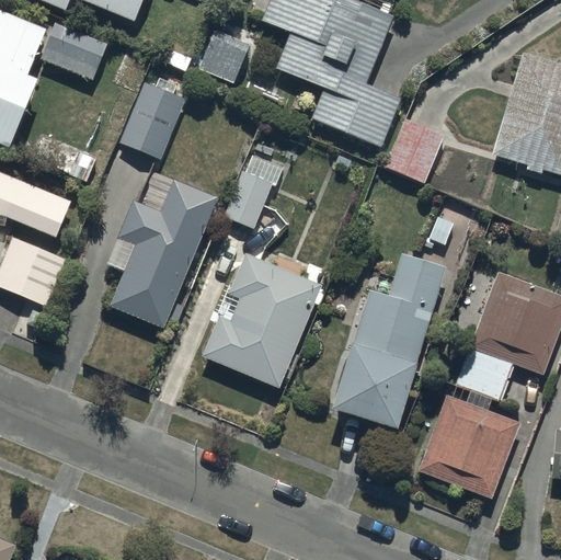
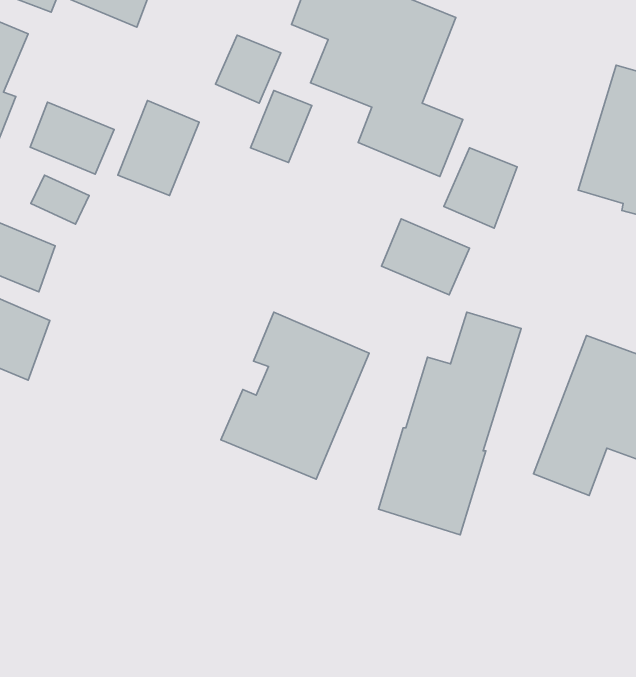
building: [39,23,107,81] -> [30,102,114,174]
building: [225,171,274,229] -> [251,91,312,163]
building: none -> [382,219,470,295]
building: [107,180,216,328] -> none
building: [417,395,523,499] -> none

